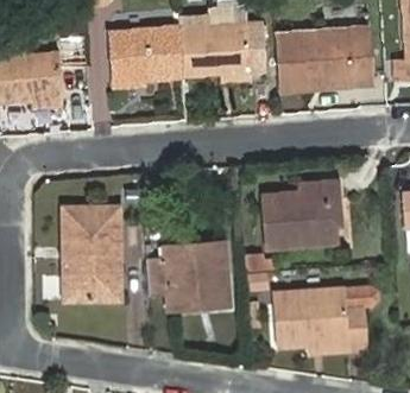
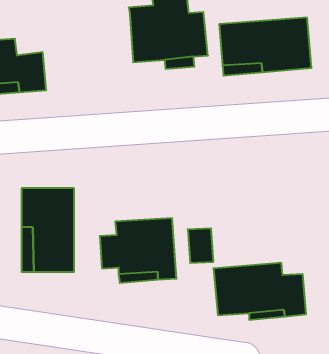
building: [109,25,183,81] -> none
building: [263,180,338,247] -> none

